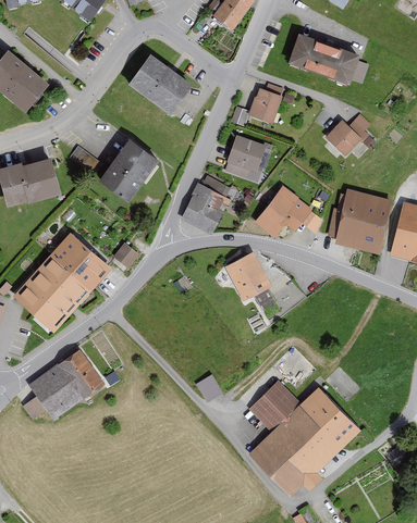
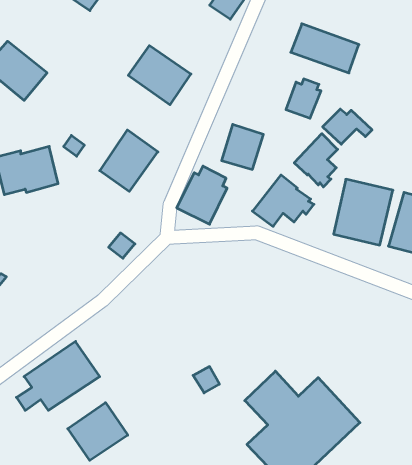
building: [248,84,283,123] -> [286,79,321,118]
building: none -> [294,134,338,187]
building: [13,233,110,332] -> none
building: [225,252,271,301] -> none
building: none -> [68,403,128,460]

